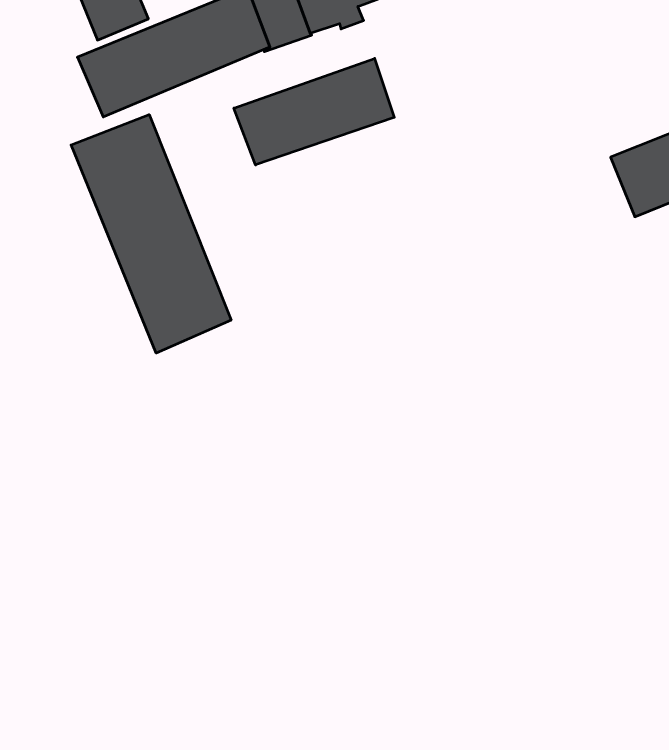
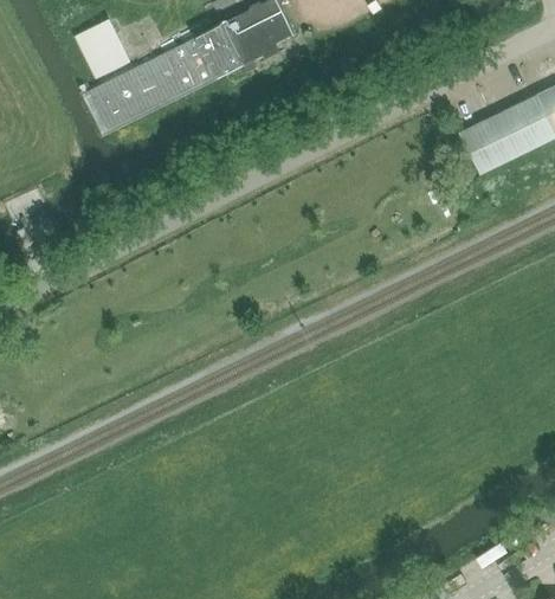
building: [234,58,394,165] -> none
building: [71,115,231,353] -> none

